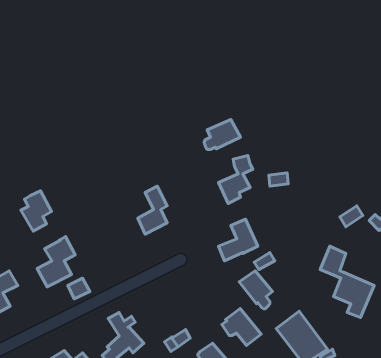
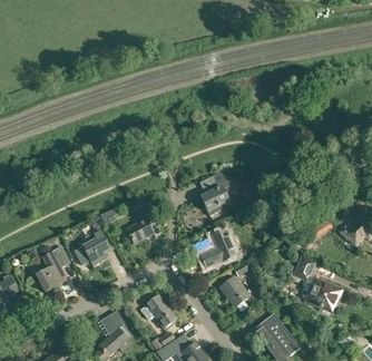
building: [204,119,240,150] -> none
building: [21,191,51,231] -> [82,228,110,265]
building: [222,309,261,345] -> [141,294,177,328]

